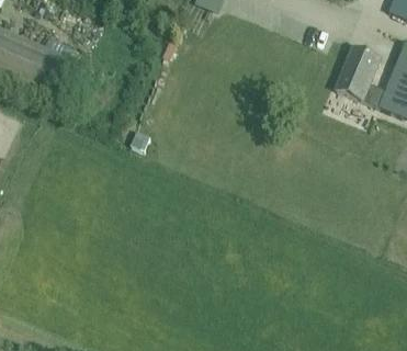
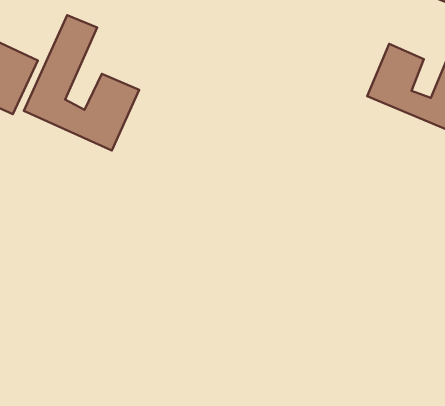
building: none -> [24,15,139,150]

